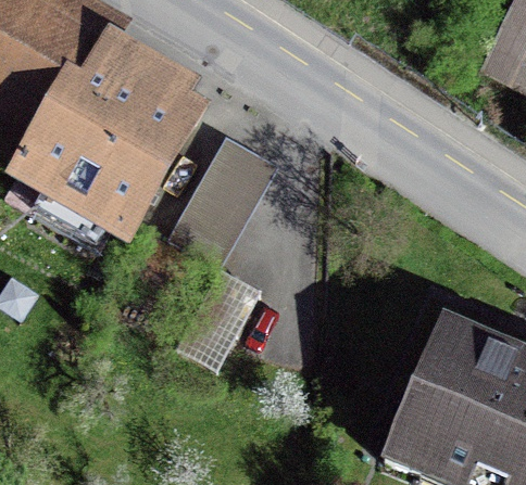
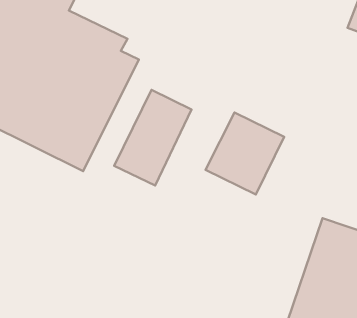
building: none -> [206,113,284,195]

